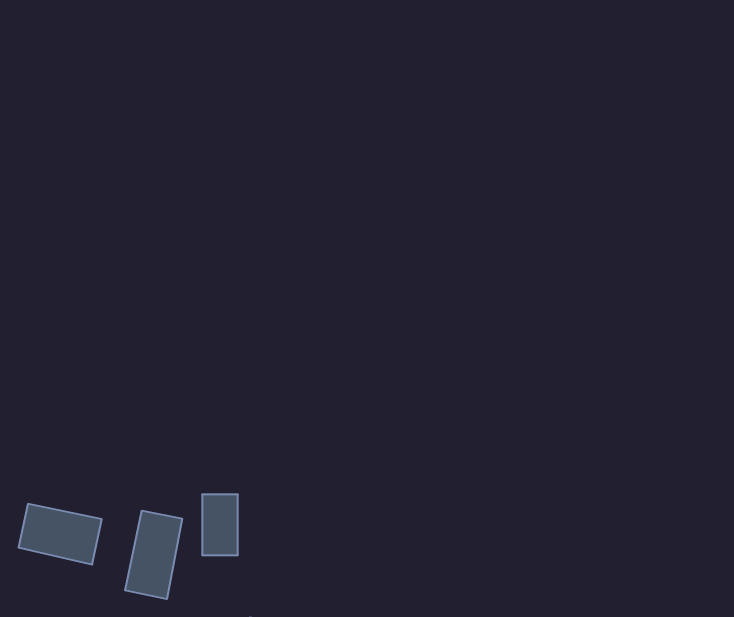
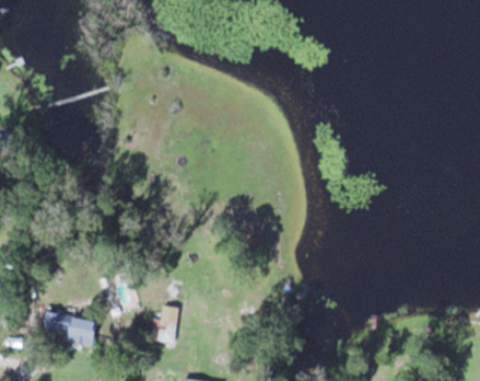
building: [125,511,182,599] -> none

